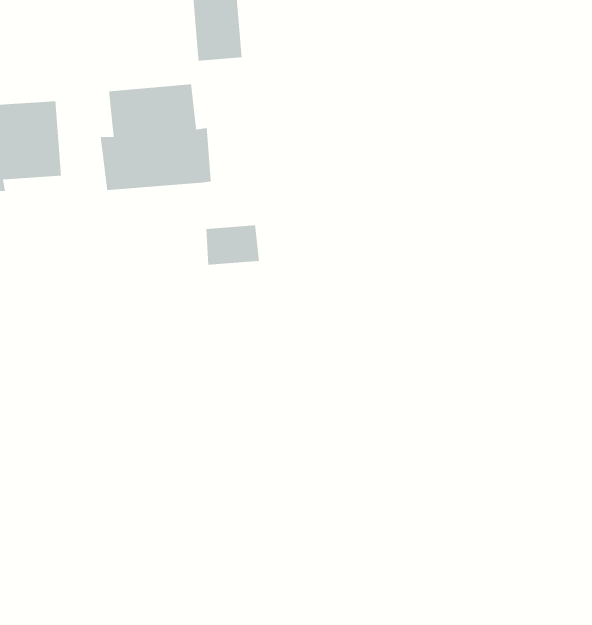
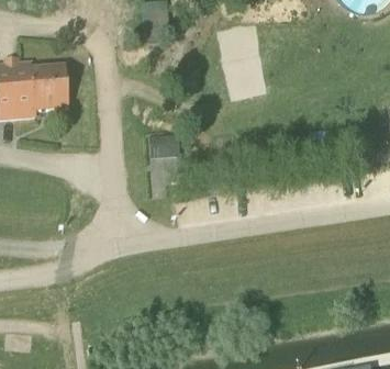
building: [100,83,212,191] -> none

